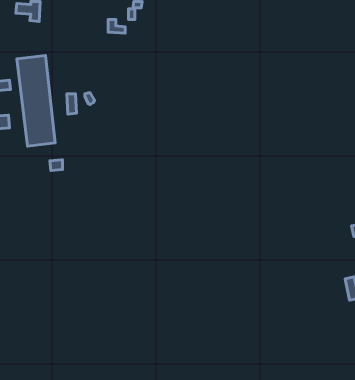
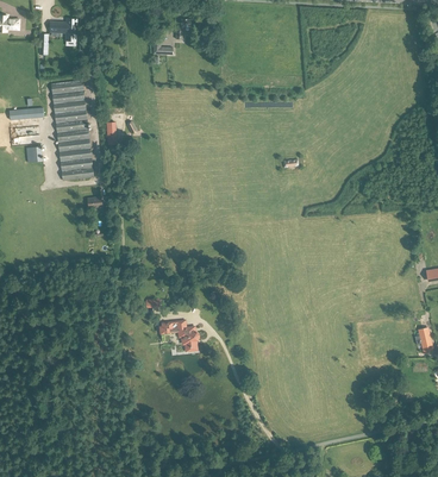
building: none -> [159,321,199,349]

